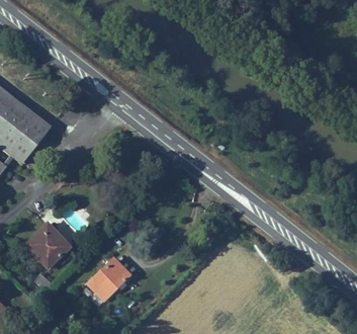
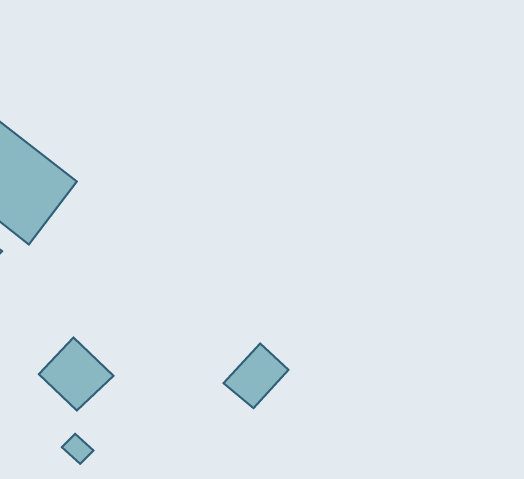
building: [95,262,135,302] -> [224,343,288,408]

